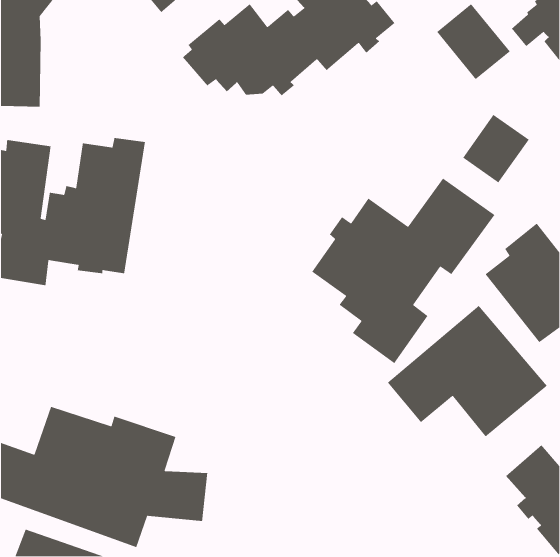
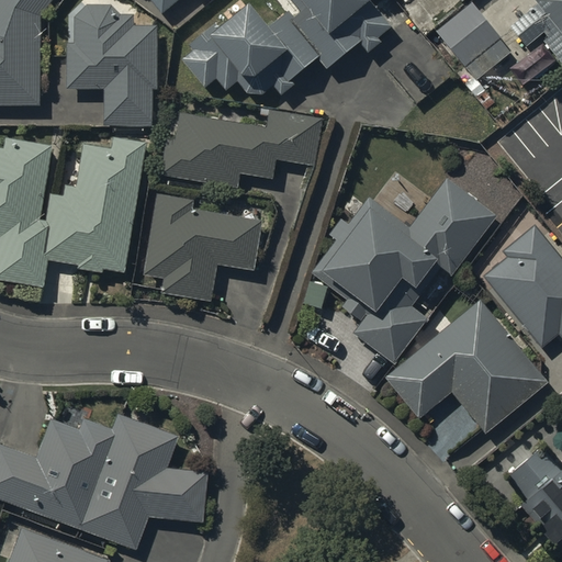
building: none -> [66,4,158,126]
building: none -> [160,110,324,188]
building: [462,114,530,184] -> none
building: none -> [148,193,262,301]

